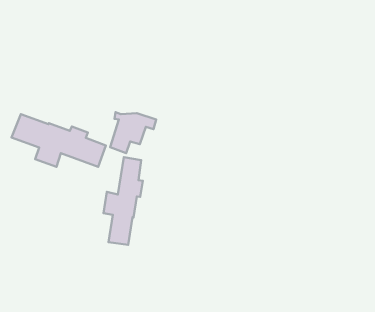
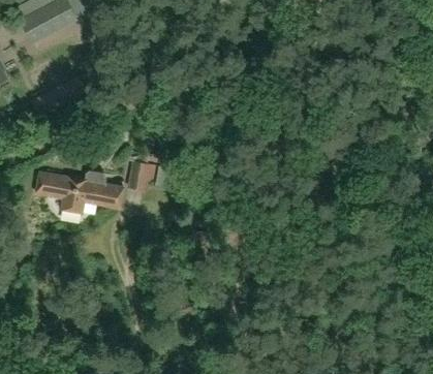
building: [103,157,143,245] -> none

